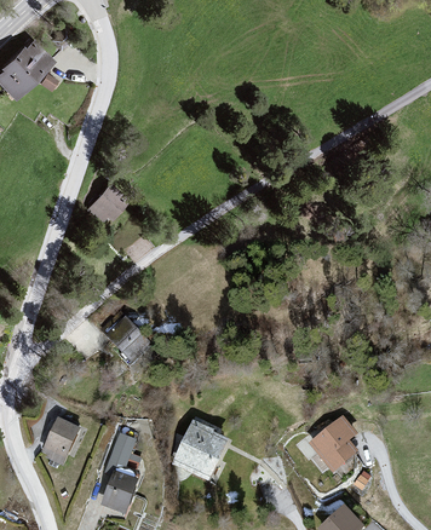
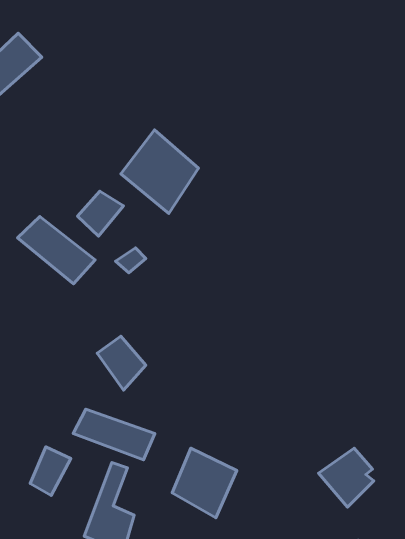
building: none -> [121,130,198,214]
building: none -> [18,216,95,284]
building: none -> [73,409,155,460]

